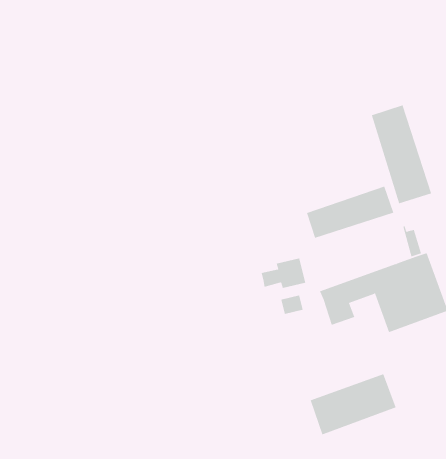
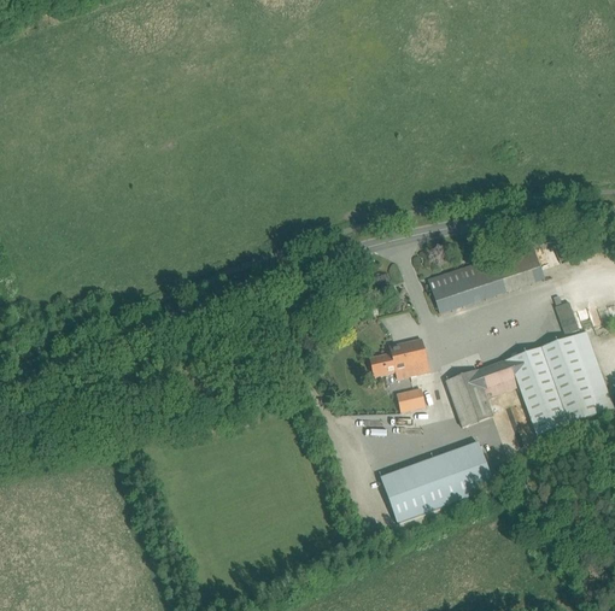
building: [371,104,432,204] -> none
building: [310,373,397,435] -> [381,441,494,522]

